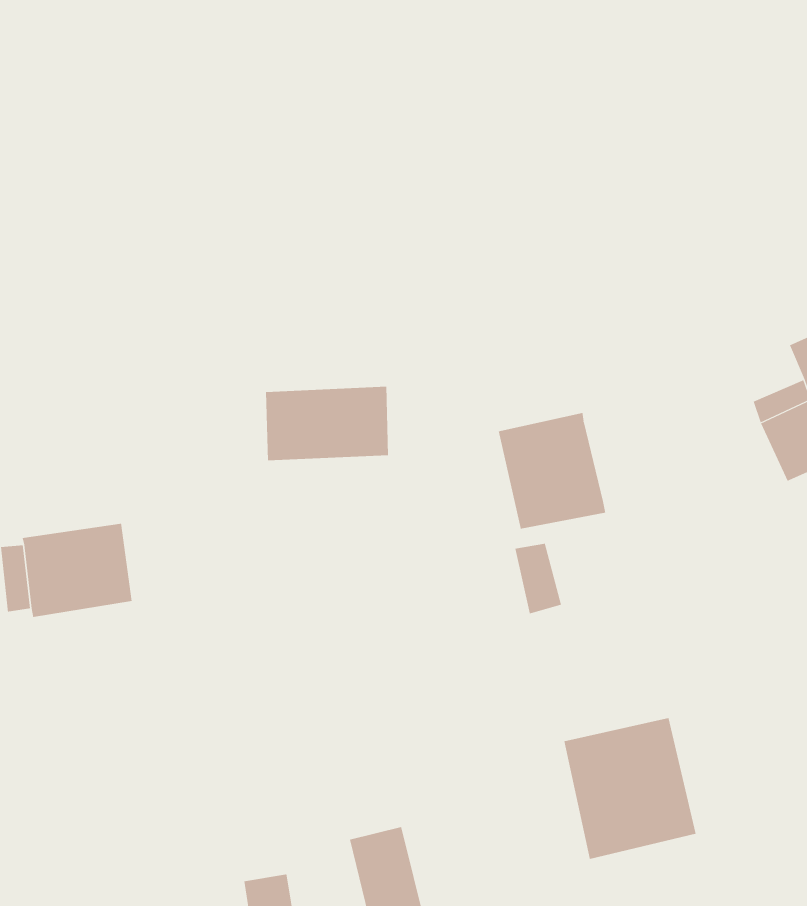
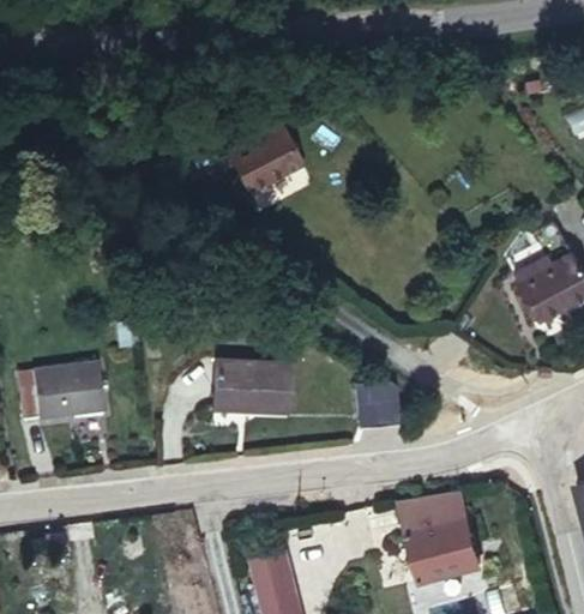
building: none -> [225,127,300,194]
building: [265,386,389,461] -> [212,373,294,422]
building: [498,412,606,530] -> none

